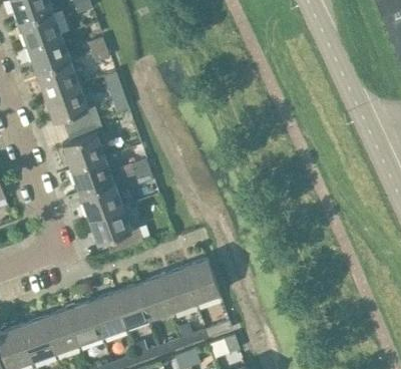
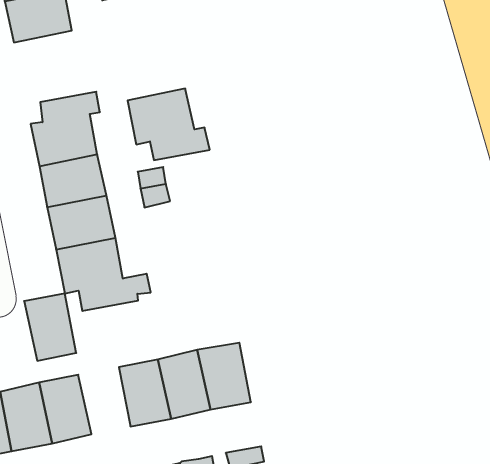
building: [44,85,98,131] -> [128,89,210,160]
building: [111,286,147,329] -> [24,294,76,361]

